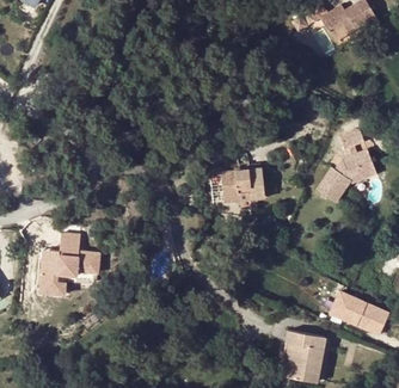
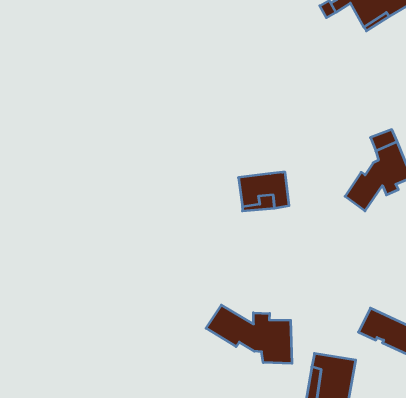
building: [38,234,98,285] -> none
building: none -> [206,305,292,363]

